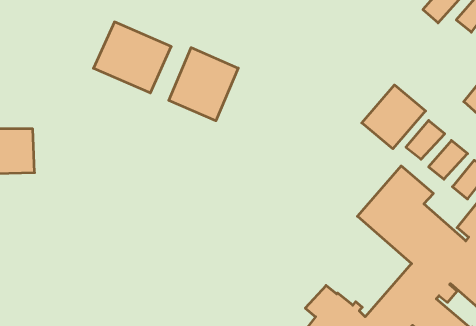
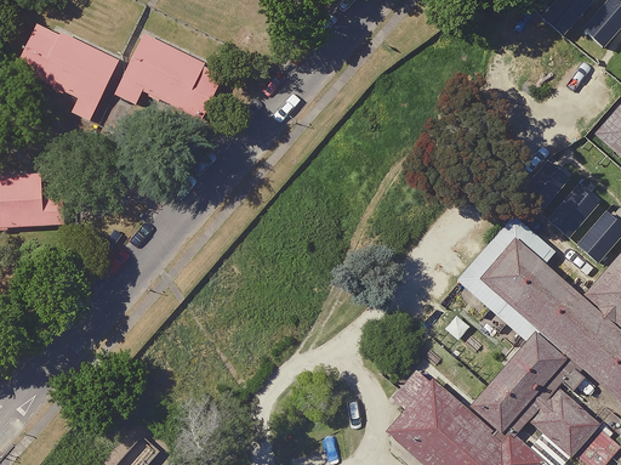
building: none -> [17,17,129,113]
building: [169,48,238,121] -> none
building: [362,85,426,149] -> none

